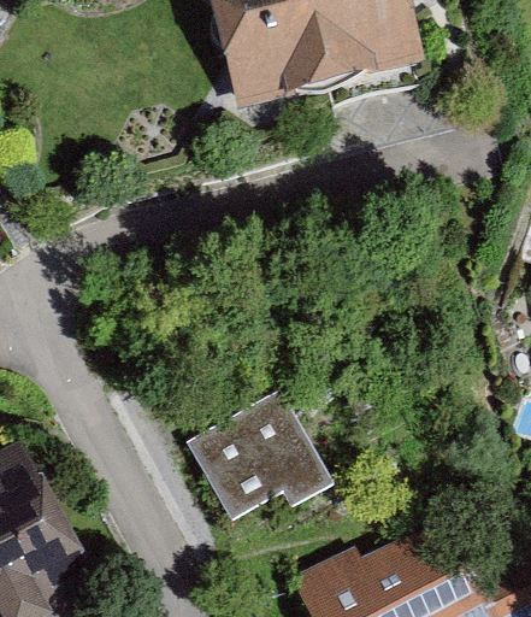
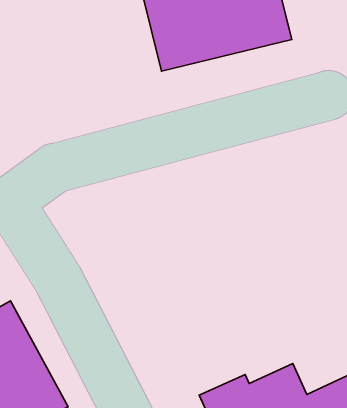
building: [185,392,332,525] -> none

